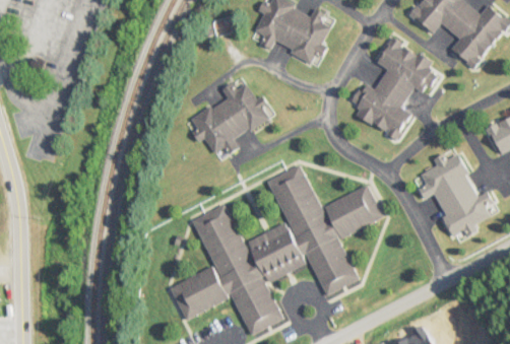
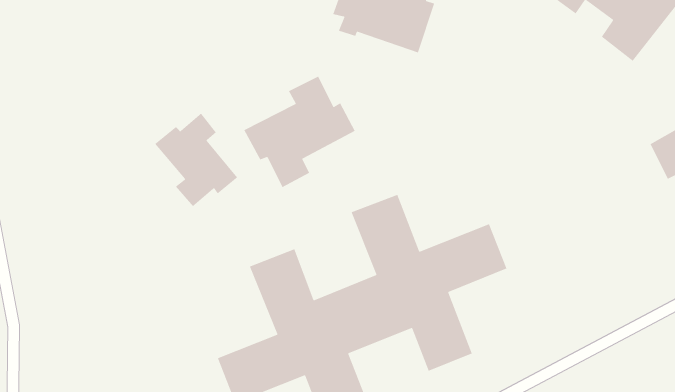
building: [346,38,438,139] -> none
building: none -> [154,113,238,207]
building: [421,153,493,234] -> none

